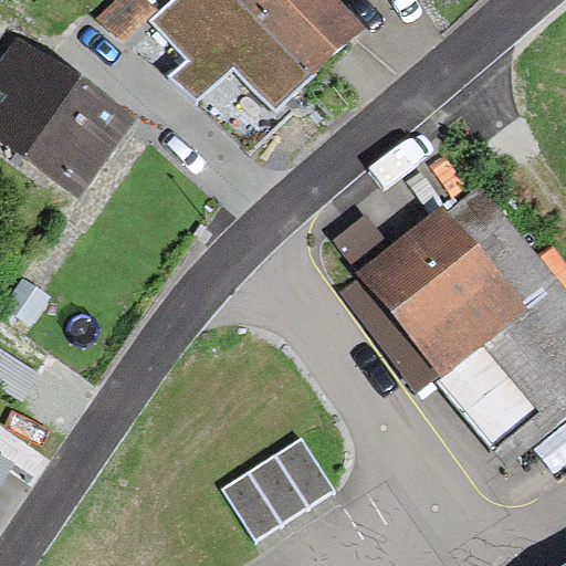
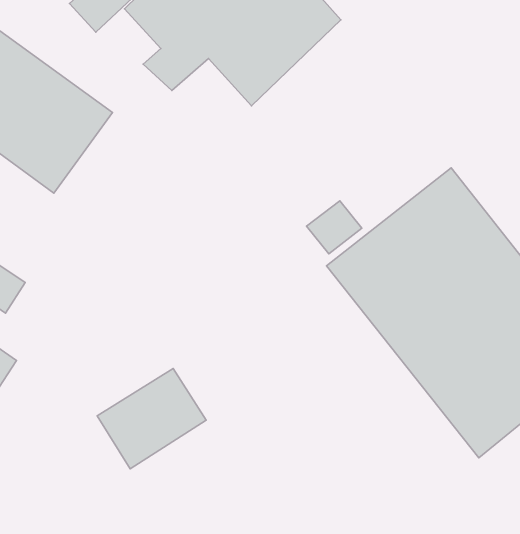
building: [223,436,333,536] -> [97,368,206,469]

